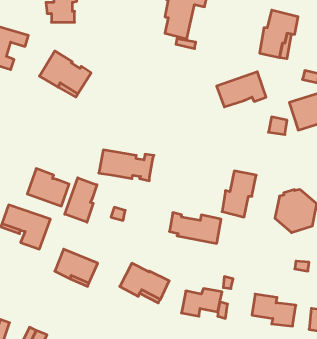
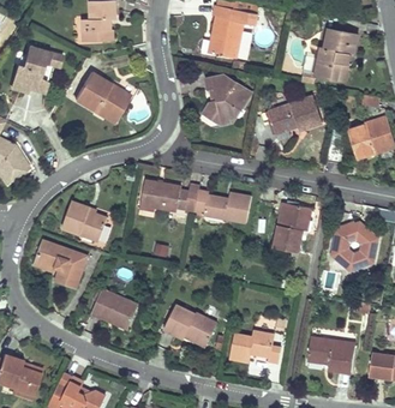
building: none -> [202,74,251,125]
building: [65,178,97,222] -> none
building: [169,213,221,243] -> [194,190,251,223]

